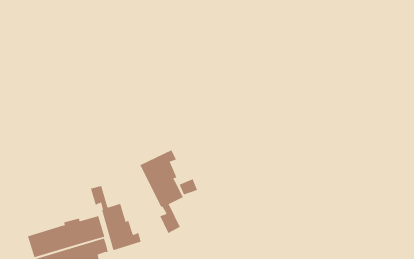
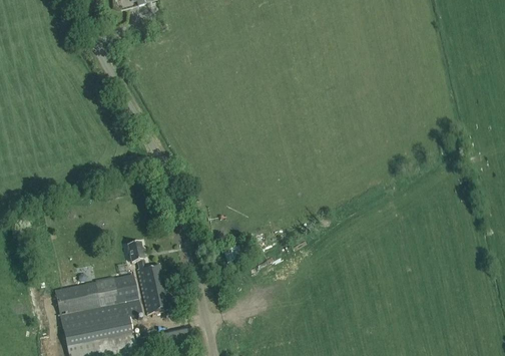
building: [139,150,183,234] -> none

